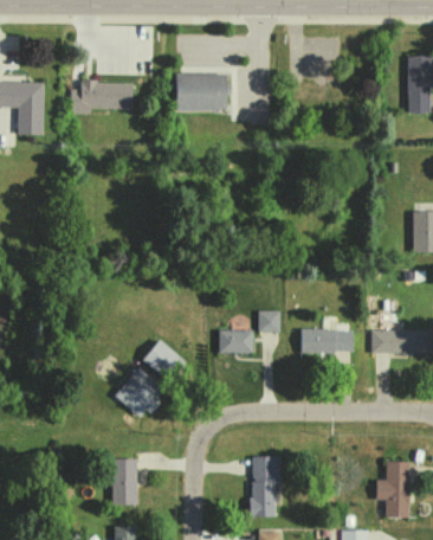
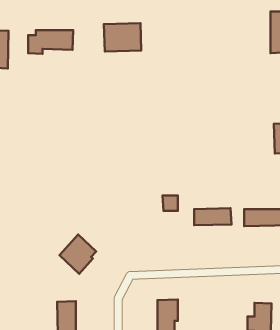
building: [219,330,253,354] -> none
building: [143,340,186,381] -> none

